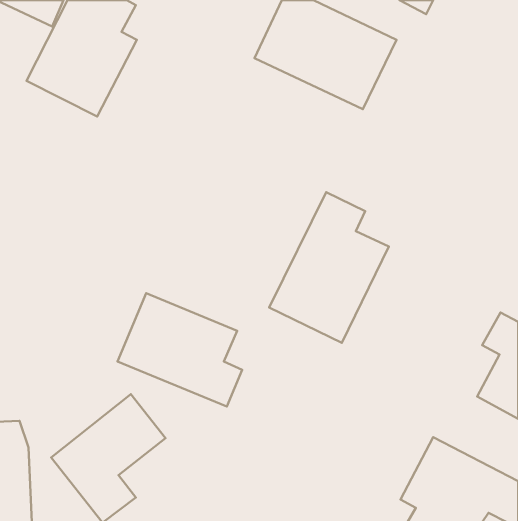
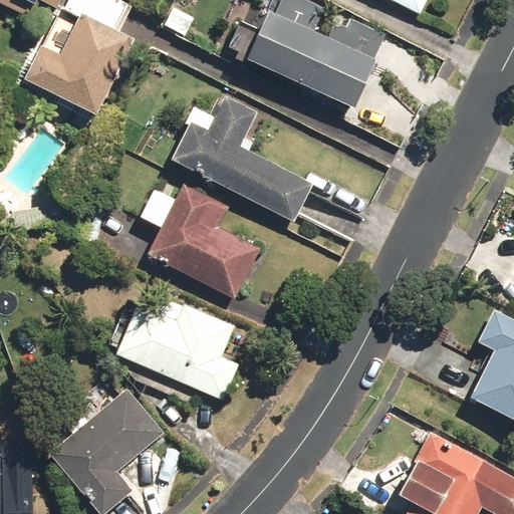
building: none -> [172,95,315,222]
building: none -> [138,187,257,297]
building: [269,192,389,343] -> none

